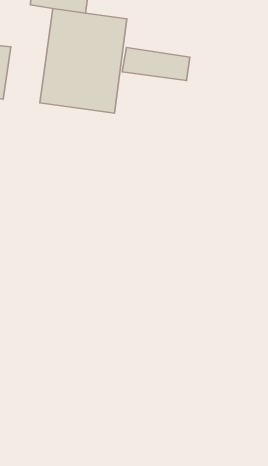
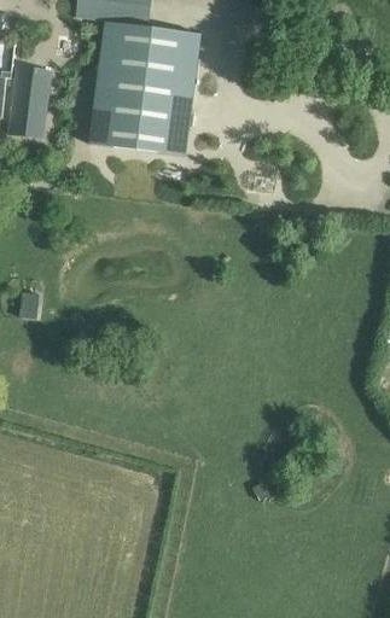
building: [122,48,190,81] -> none

